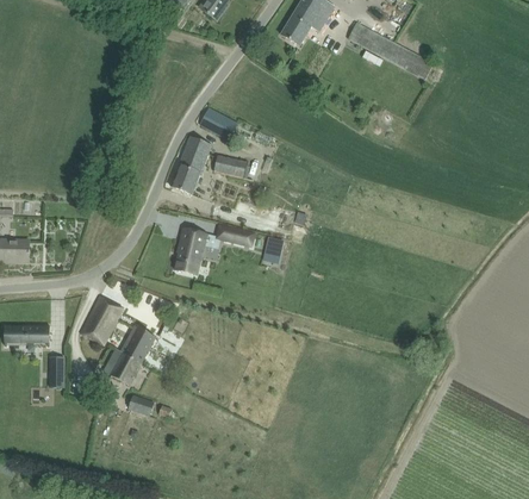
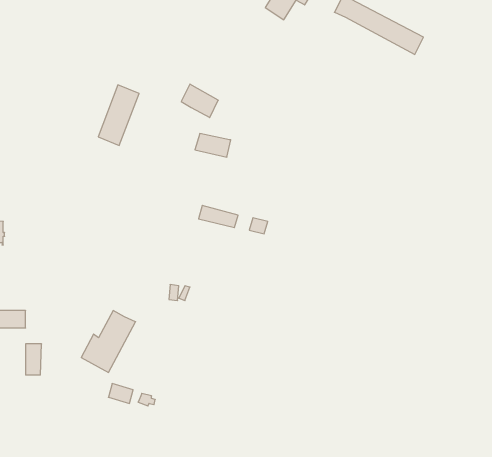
building: [170,136,210,194] -> [98,85,139,145]
building: [173,226,206,274] -> none
building: [80,295,122,344] -> none

